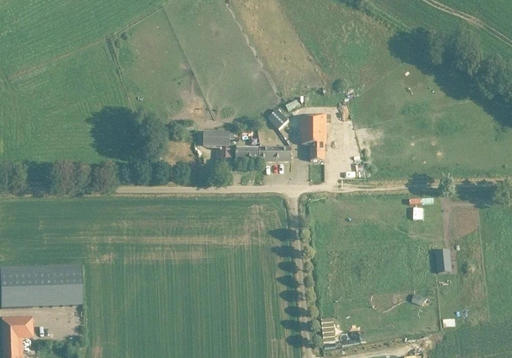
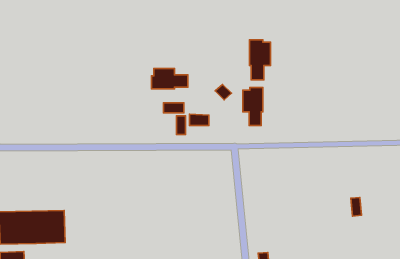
building: none -> [249,40,270,80]
building: none -> [152,68,188,89]
building: [260,145,291,159] -> none

